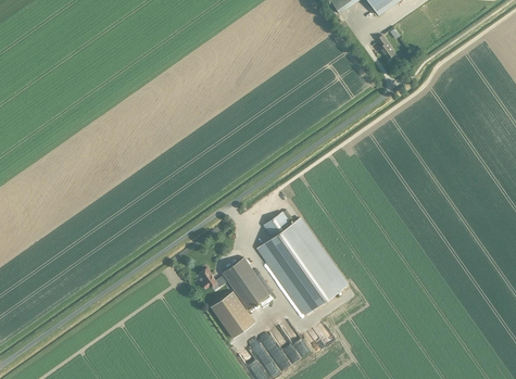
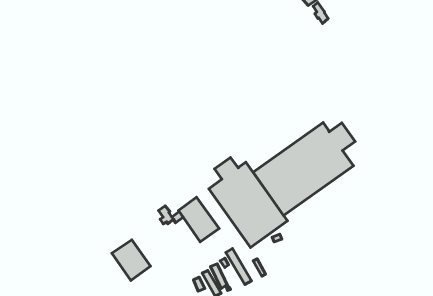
building: none -> [253,123,355,215]
building: [210,291,254,338] -> [112,240,151,281]

